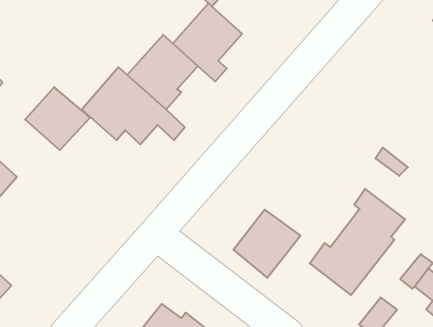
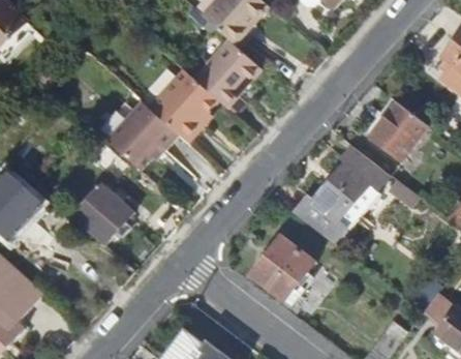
building: none -> [369,102,426,159]
building: [25,87,90,150] -> [71,181,133,241]
building: [310,189,405,295] -> [298,144,389,245]

